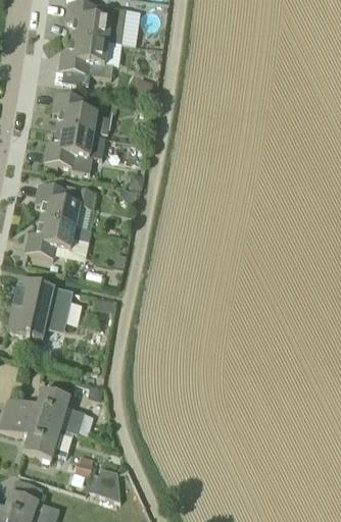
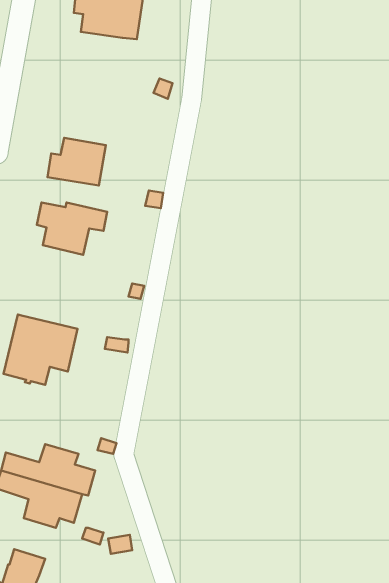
building: [59,38,113,79] -> none
building: [52,93,111,135] -> none
building: [25,220,91,259] -> none

